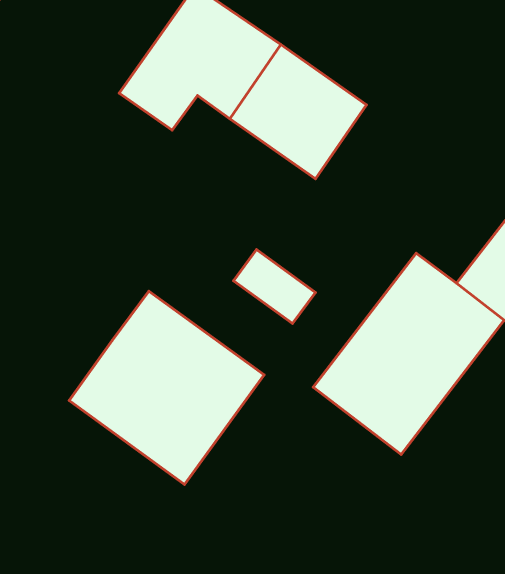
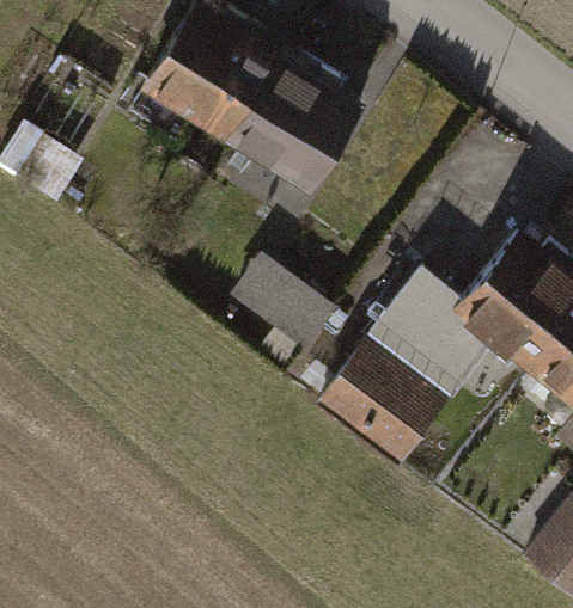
building: [69,291,264,484] -> none

